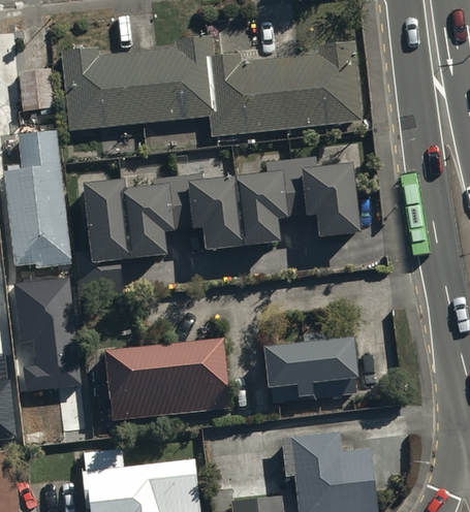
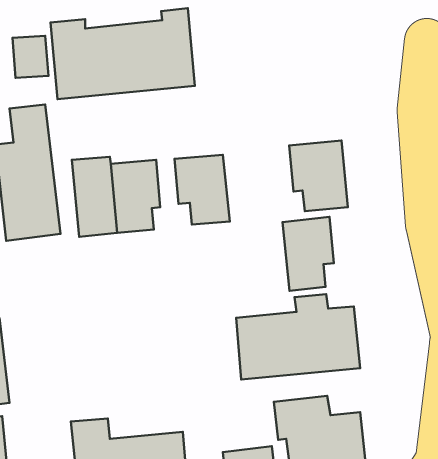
building: [201,40,361,135] -> none
building: [233,175,285,250] -> [282,217,334,291]
building: [17,273,84,385] -> none
building: [104,345,226,419] -> none

